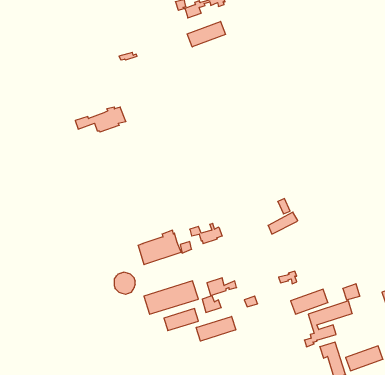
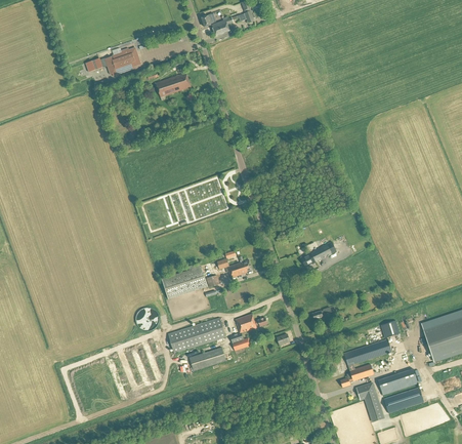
building: [187,21,225,47] -> none
building: none -> [155,73,192,100]
building: [75,107,126,132] -> [87,48,141,75]
building: [291,289,328,314] -> [378,368,418,395]
building: [196,316,236,341] -> none

